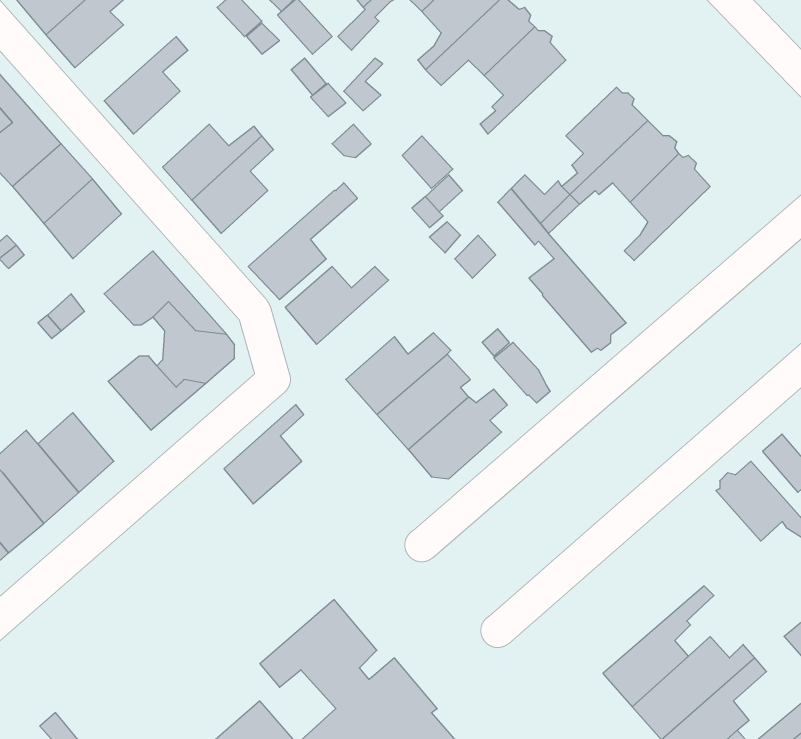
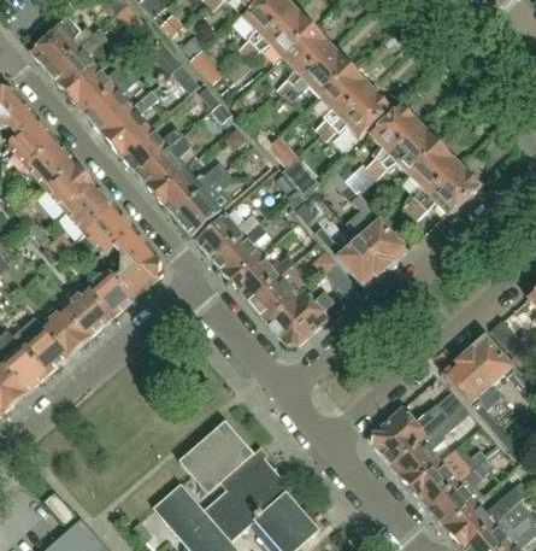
building: none -> [65,66,128,113]
building: none -> [320,88,388,140]
building: none -> [101,90,159,154]
building: none -> [155,162,225,216]
building: none -> [411,166,479,219]
building: none -> [64,183,113,233]
building: none -> [316,227,384,288]
building: none -> [64,287,112,336]
building: [224,405,304,504] -> [214,224,264,286]
building: none -> [441,354,495,428]
building: none -> [371,392,463,468]

